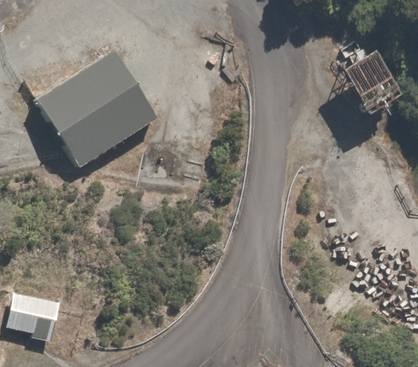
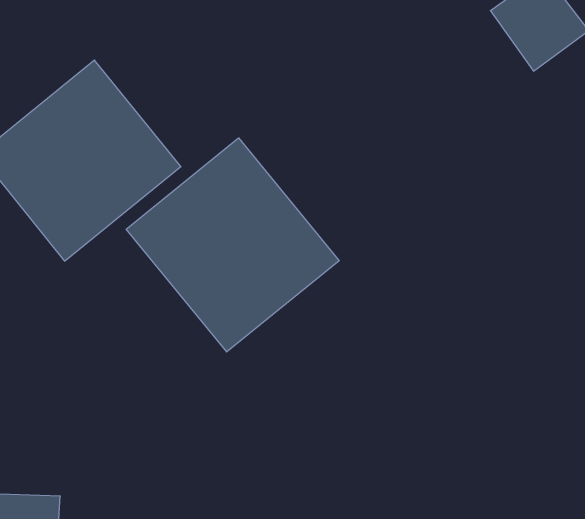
building: none -> [126,138,339,352]

